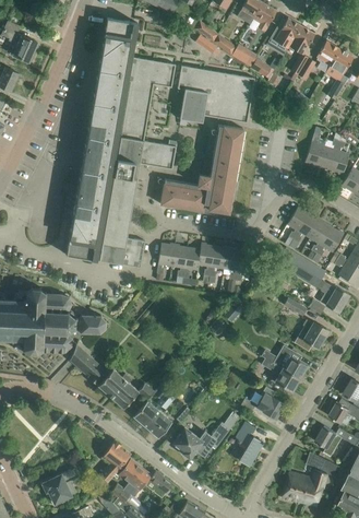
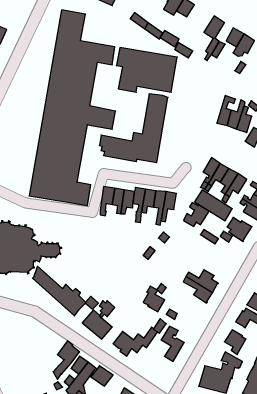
building: [271,19,301,52] -> none
building: [295,320,327,351] -> [184,202,209,226]
building: [256,387,284,420] -> [143,286,165,312]
building: [41,469,77,504] -> none

